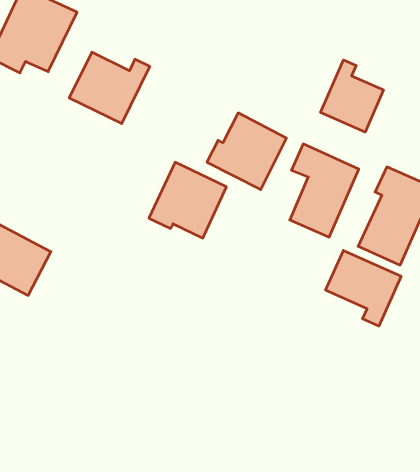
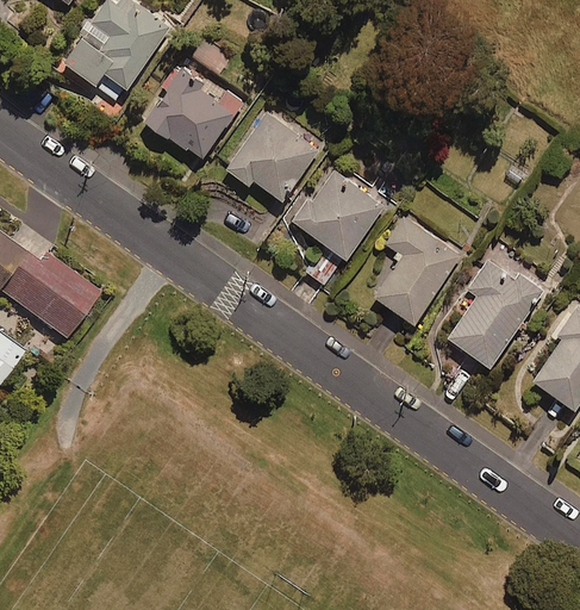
building: [321,60,383,132] -> none
building: [149,162,226,238] -> [226,111,319,201]
building: [326,250,401,326] -> none

